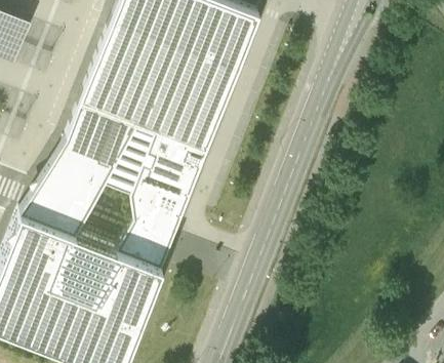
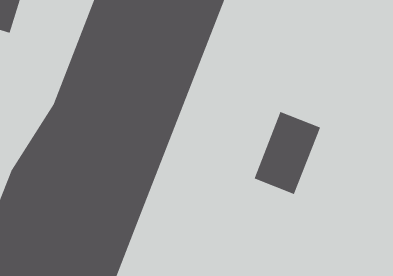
building: none -> [254,111,321,195]

